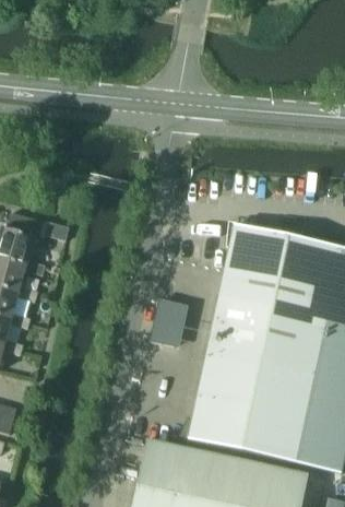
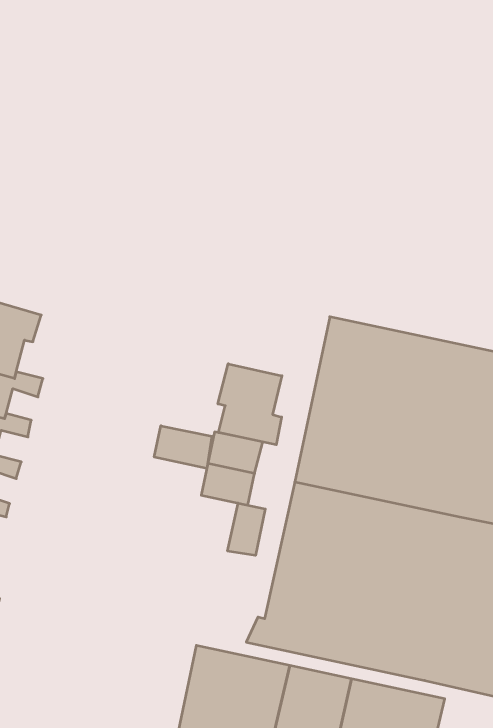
building: none -> [218,364,282,445]
building: none -> [154,426,212,468]
building: none -> [228,503,265,555]

